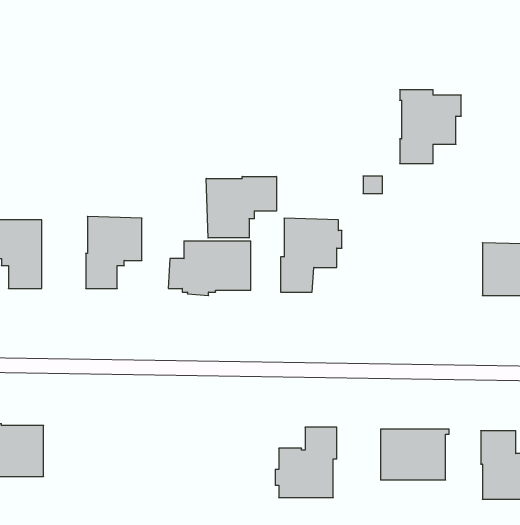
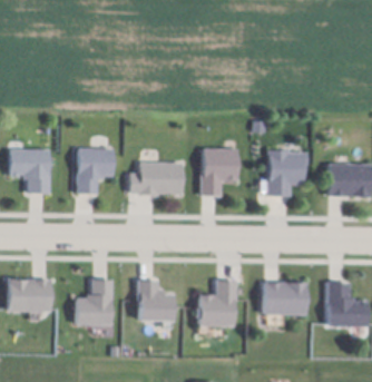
building: [400,90,461,164] -> [267,149,306,196]
building: [206,176,276,238] -> none
building: none -> [76,278,111,325]
building: none -> [137,280,172,319]

